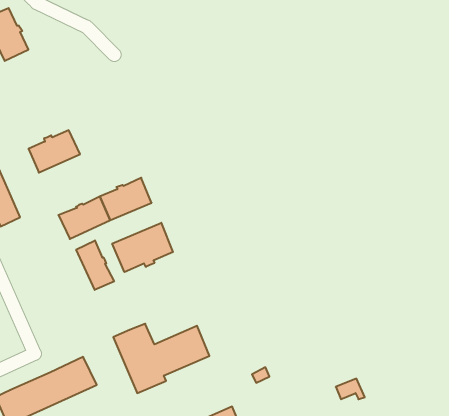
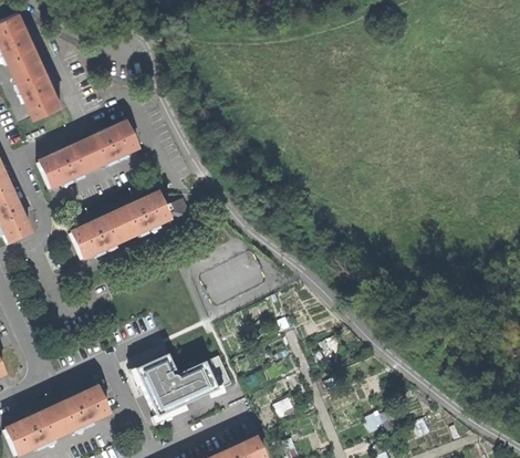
building: none -> [13,55,62,114]
building: none -> [82,122,138,167]
building: [112,223,173,272] -> none
building: [76,240,114,290] -> none

